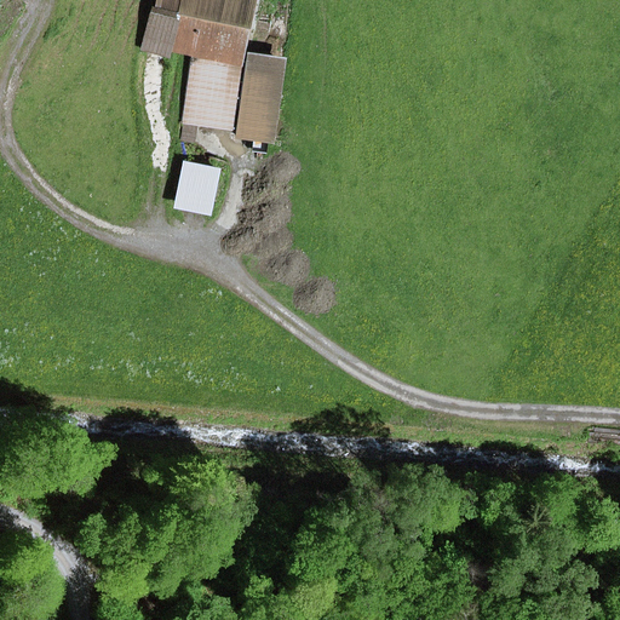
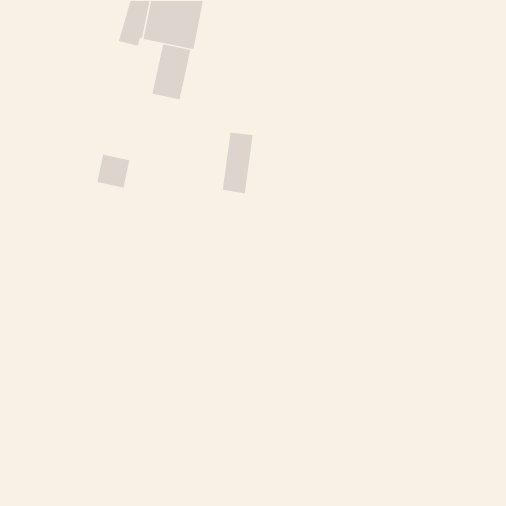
building: [243,61,282,137] -> [222,132,254,194]
building: [177,163,218,206] -> [96,154,130,189]

